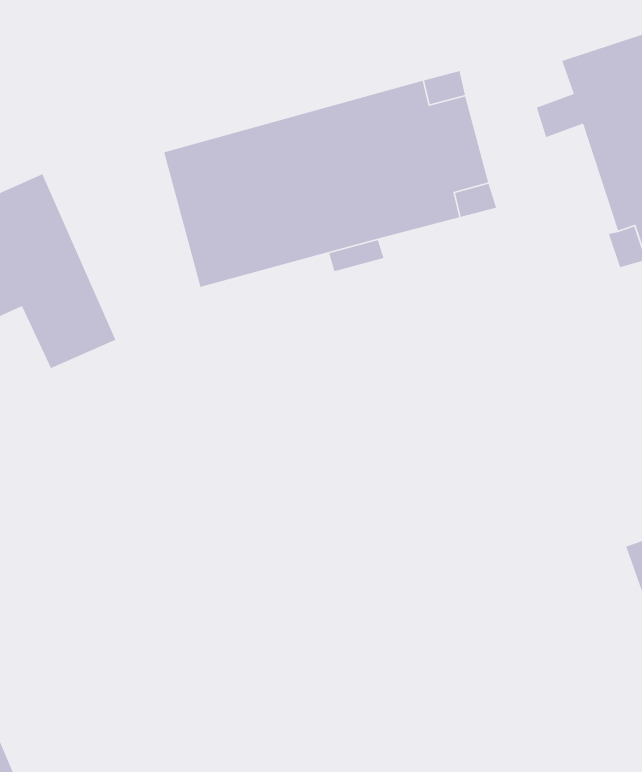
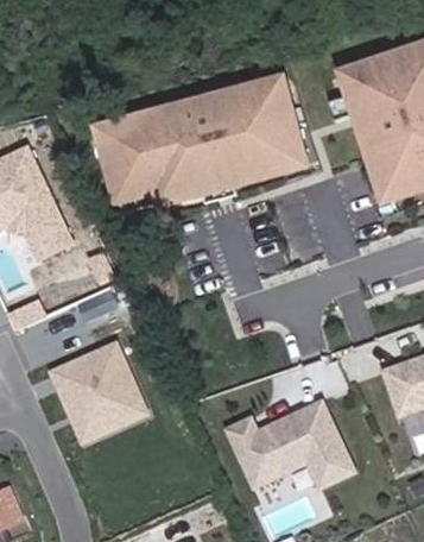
building: none -> [43,332,152,441]
building: none -> [228,401,353,485]

